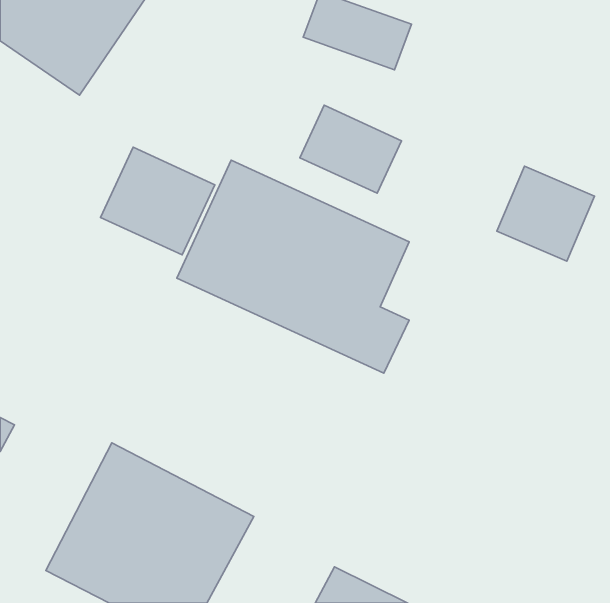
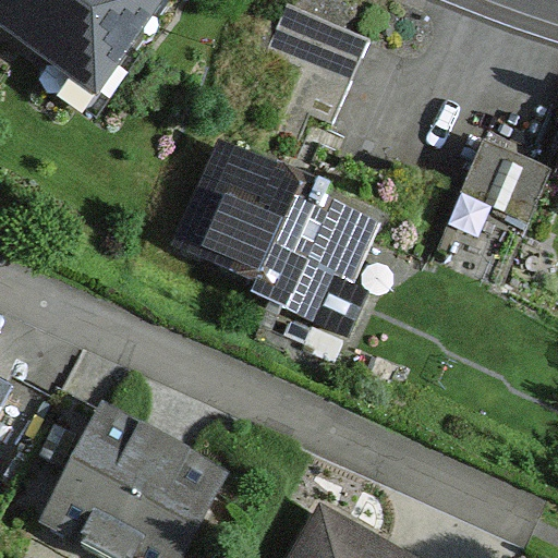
building: [300,105,402,193] -> none
building: [101,147,215,255] -> none

